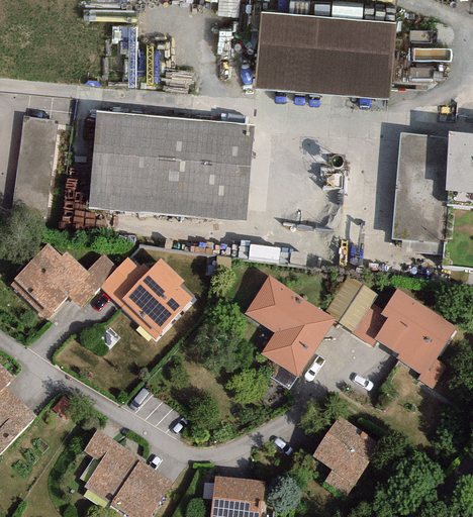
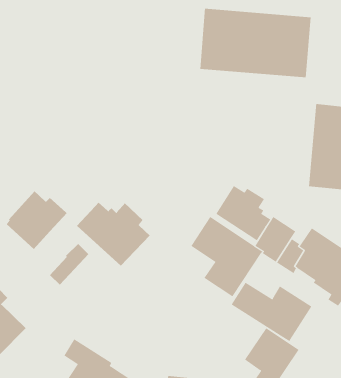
building: [88,112,254,220] -> none
building: [16,114,60,211] -> none
building: none -> [216,185,271,241]
building: [67,253,117,307] -> [49,243,89,285]
building: none -> [231,282,312,342]

